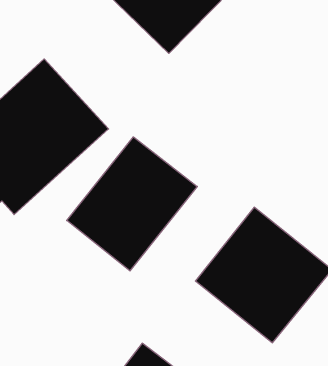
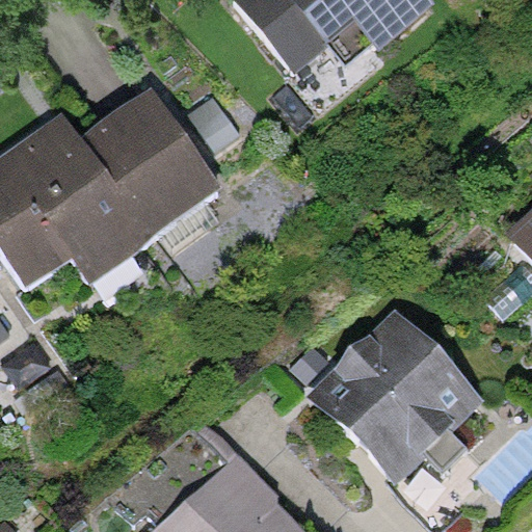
building: [67,137,197,271] -> none

